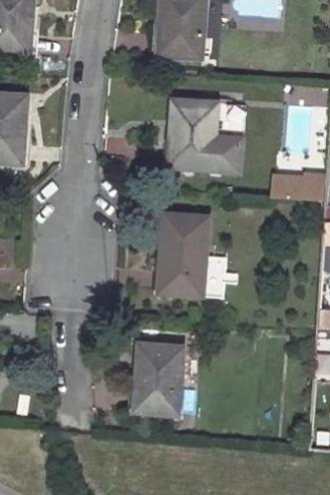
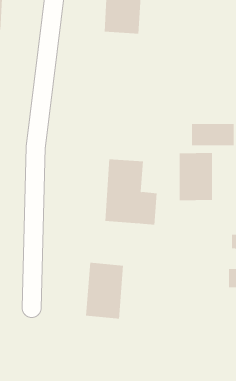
building: [170,99,244,170] -> none
building: none -> [179,152,213,201]

